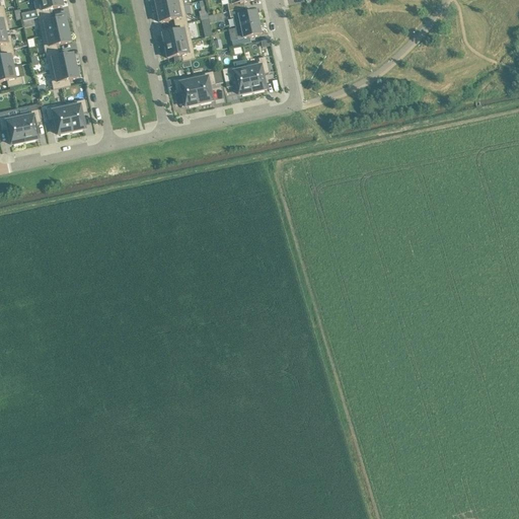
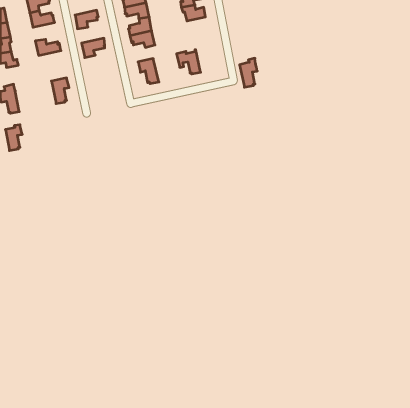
building: [229,21,263,45] -> none
building: [42,28,71,52] -> [75,10,98,29]
building: [247,55,270,91] -> [240,58,257,87]
building: [49,64,78,88] -> [82,38,105,58]
building: [194,70,216,103] -> none
building: [46,102,71,134] -> none
building: [19,108,41,141] -> [5,125,22,151]

